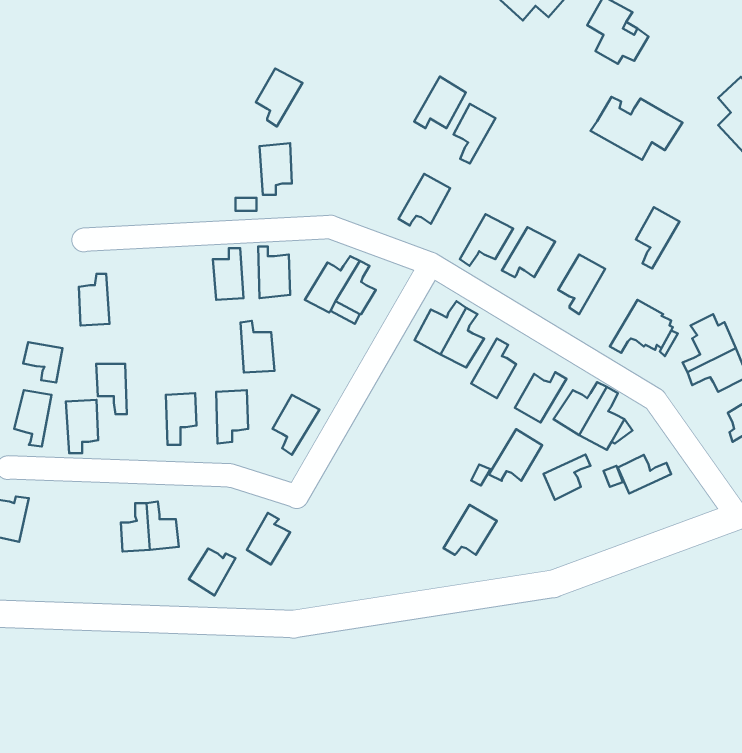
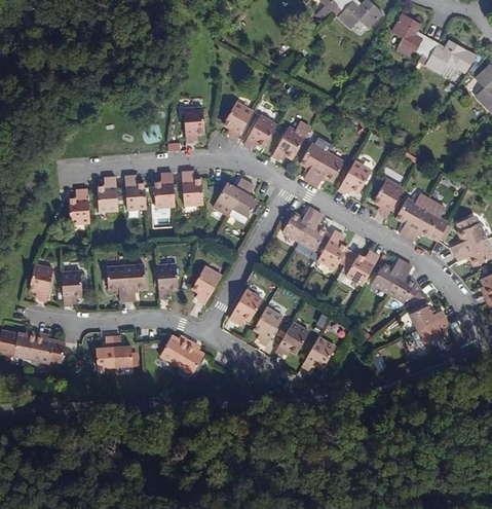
building: [256,68,303,127] -> [223,103,253,140]
building: [414,76,466,128] -> [243,115,276,148]
building: [591,97,683,160] -> [418,39,477,79]
building: [454,104,496,164] -> [301,143,328,181]
building: [636,207,680,268] -> [396,197,424,237]
building: none -> [97,178,118,211]
building: [240,321,274,372] -> [124,176,146,209]
building: [23,342,63,383] -> none
building: [96,364,127,414] -> [106,267,125,299]
building: none -> [227,289,259,322]
building: [489,429,542,481] -> [274,322,308,355]
building: [544,455,590,500] -> [419,318,449,347]
building: none -> [252,307,280,344]
building: none -> [31,333,54,364]
building: [189,549,236,595] -> [159,336,189,366]

